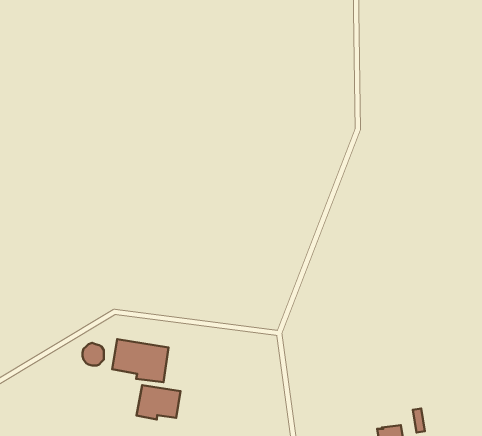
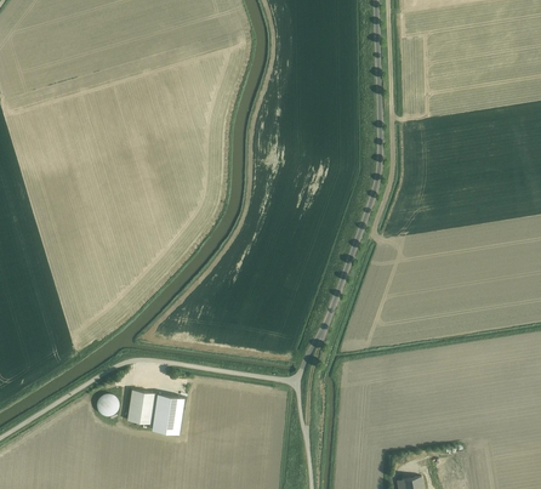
building: [136,385,181,420] -> none

